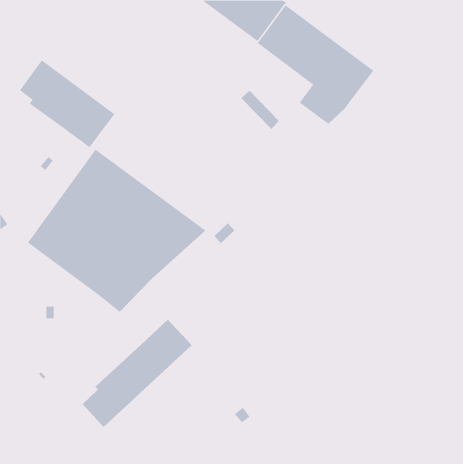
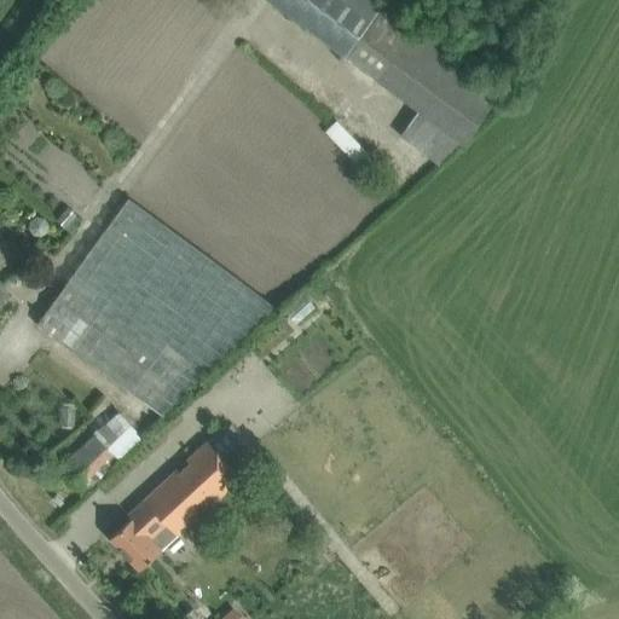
building: [19,60,115,148] -> none
building: none -> [58,412,140,488]

